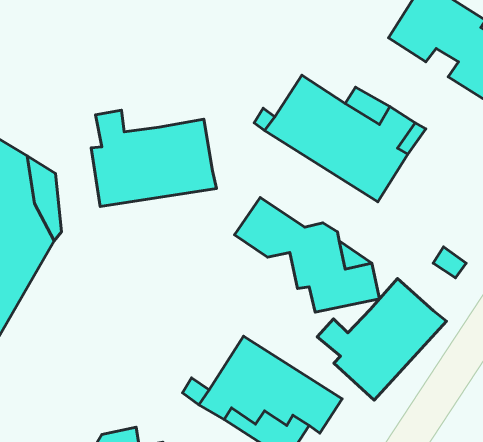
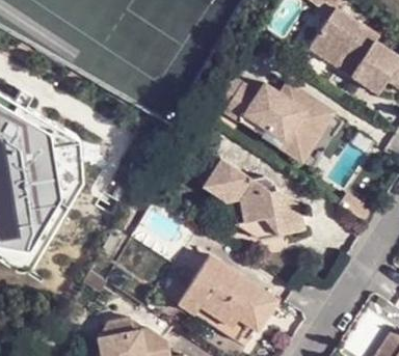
building: [91,110,217,206] -> none
building: [317,278,447,400] -> none

